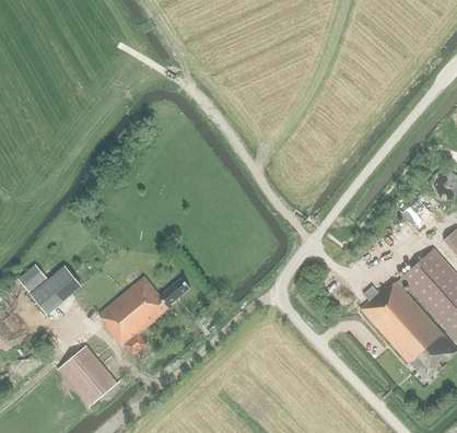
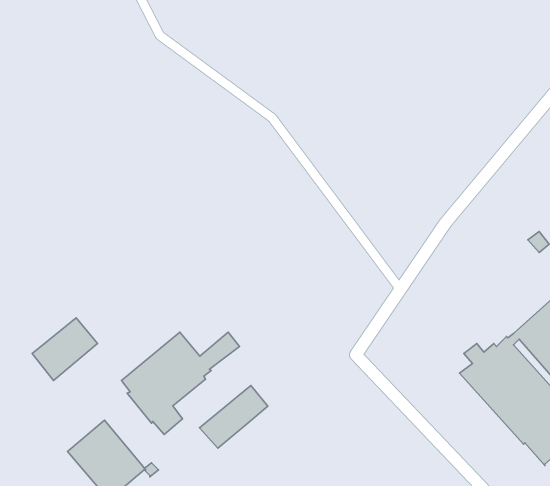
building: [16,264,47,293] -> none
building: none -> [199,385,268,448]

